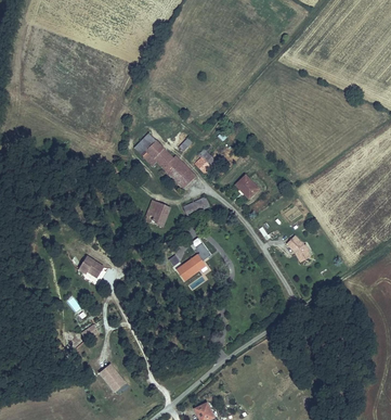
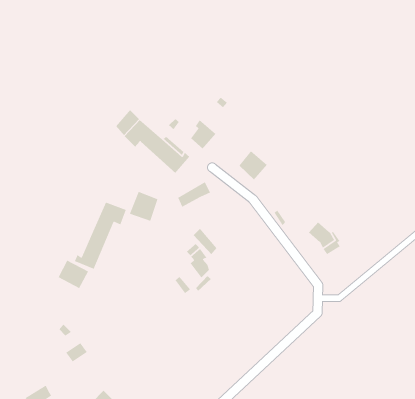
building: none -> [74,201,127,270]

